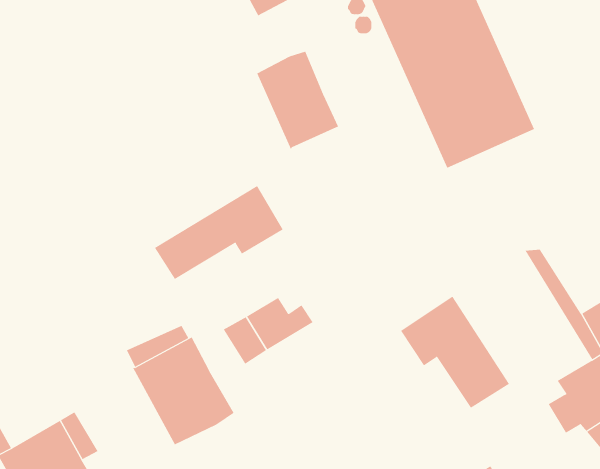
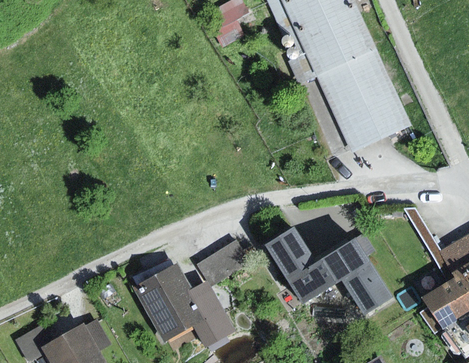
building: [257,51,339,150] -> none
building: [154,185,284,280] -> none
building: none -> [265,227,334,307]
building: none -> [188,280,235,348]

